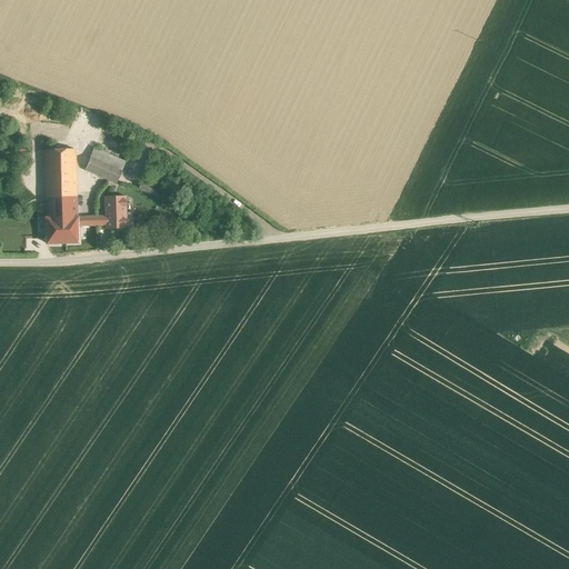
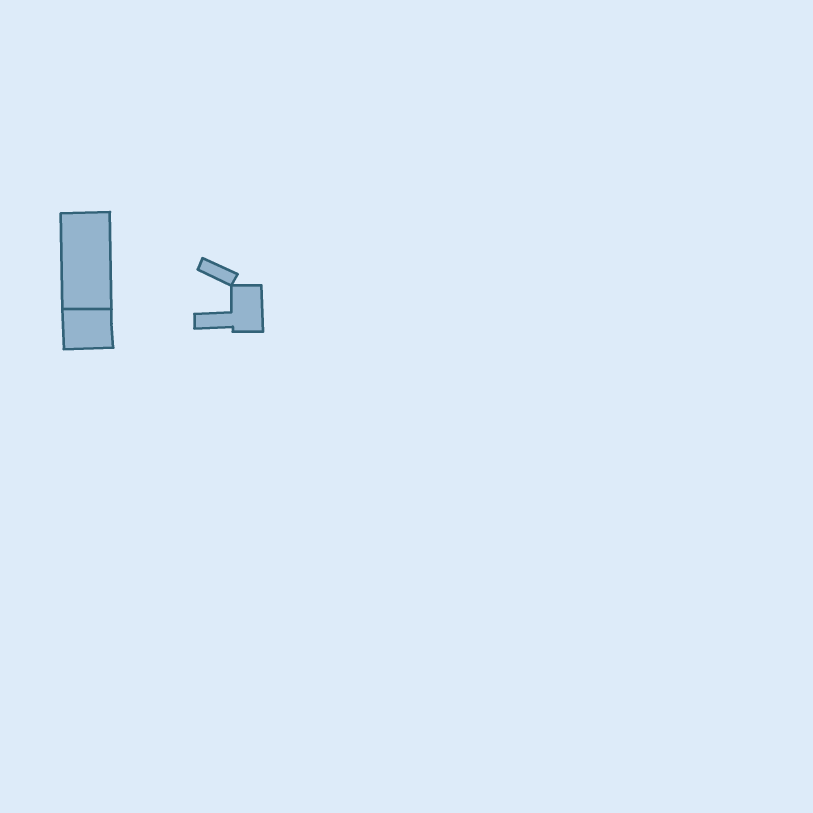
building: [83,147,126,183] -> none
building: [78,196,126,228] -> [194,285,263,332]

